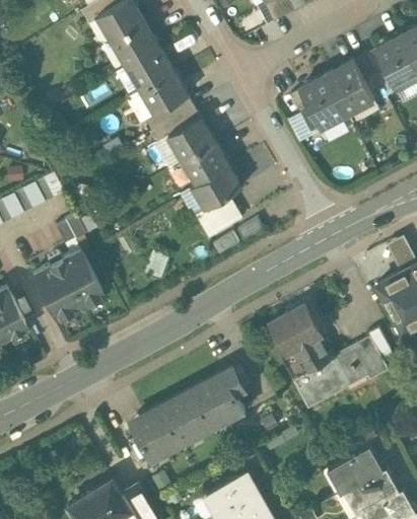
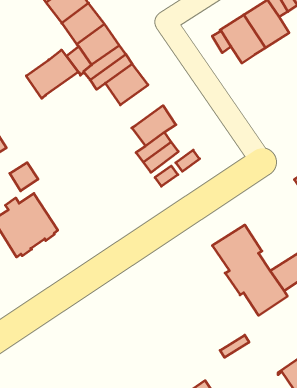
building: none -> [26,50,78,98]
building: [182,143,228,187] -> none
building: [132,368,245,462] -> none

